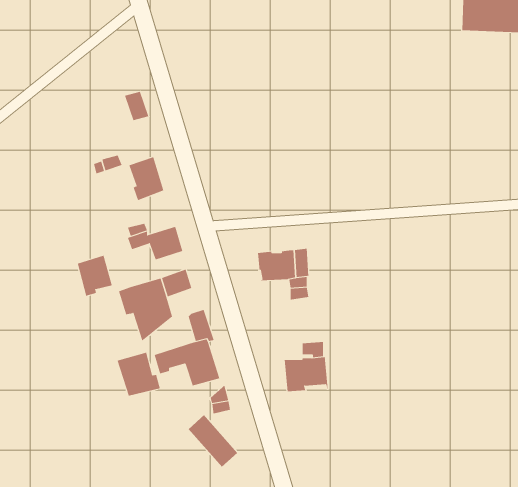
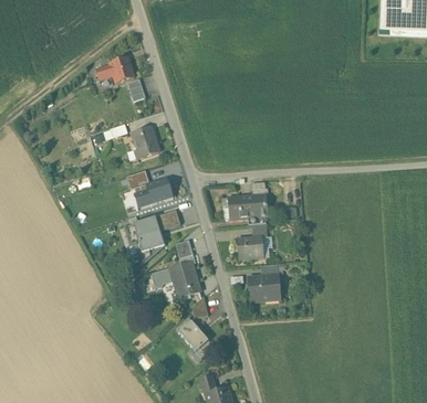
building: none -> [95,57,134,83]
building: [77,255,113,297] -> none
building: none -> [237,236,263,258]
building: [117,352,161,397] -> none

